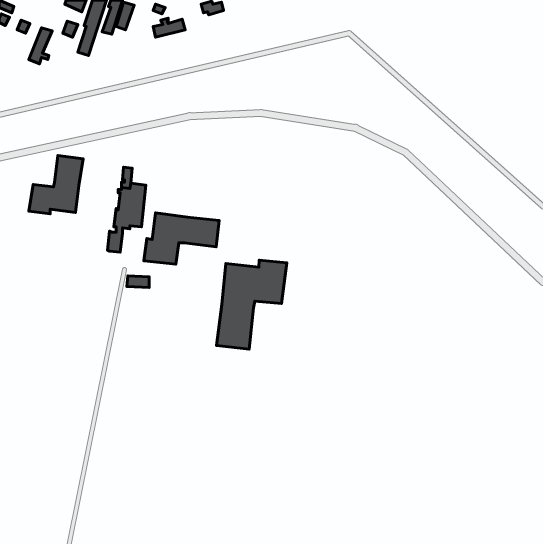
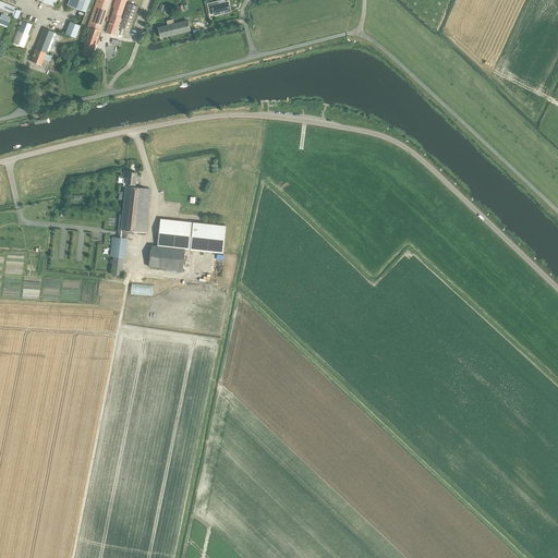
building: [29,155,83,214] -> none
building: [216,260,287,349] -> none

